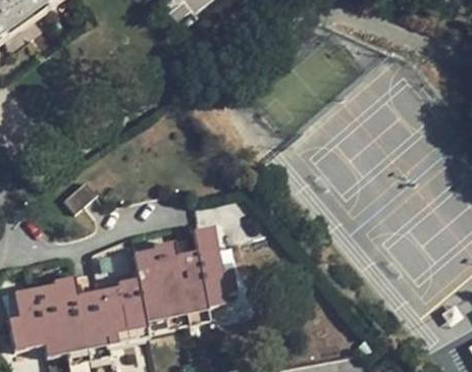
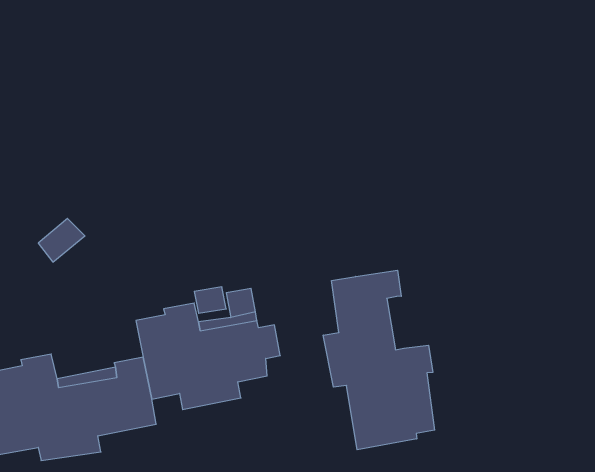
building: none -> [323,270,435,450]

